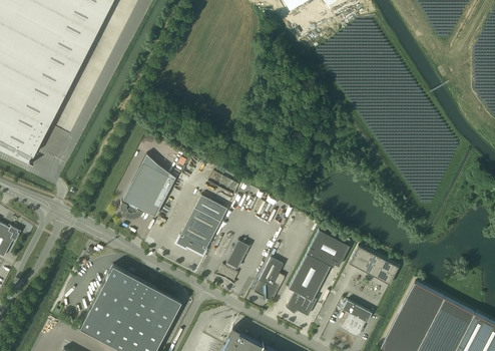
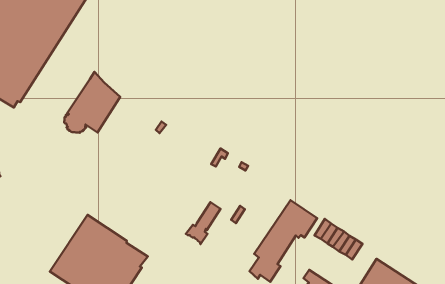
building: [120,154,175,219] -> [64,72,120,133]
building: [175,195,226,255] -> none
building: [254,258,285,302] -> none

